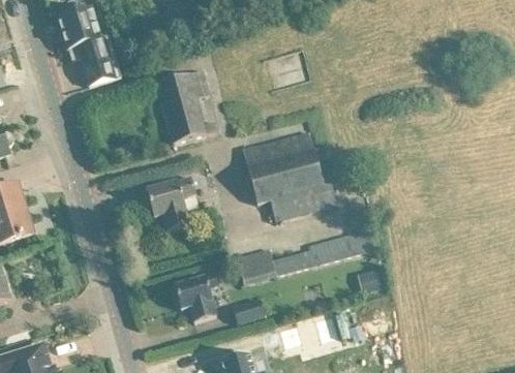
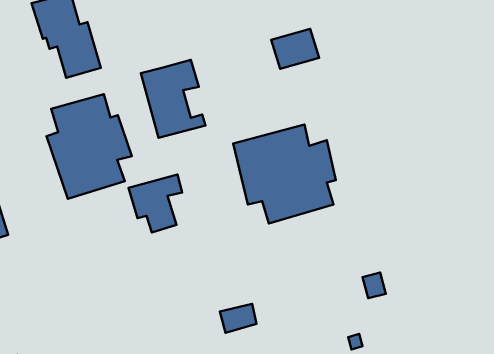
building: none -> [47,94,132,199]
building: [236,228,372,285] -> none
building: [173,274,218,321] -> none

